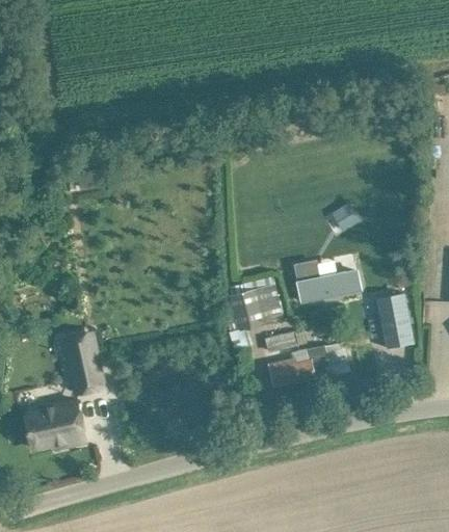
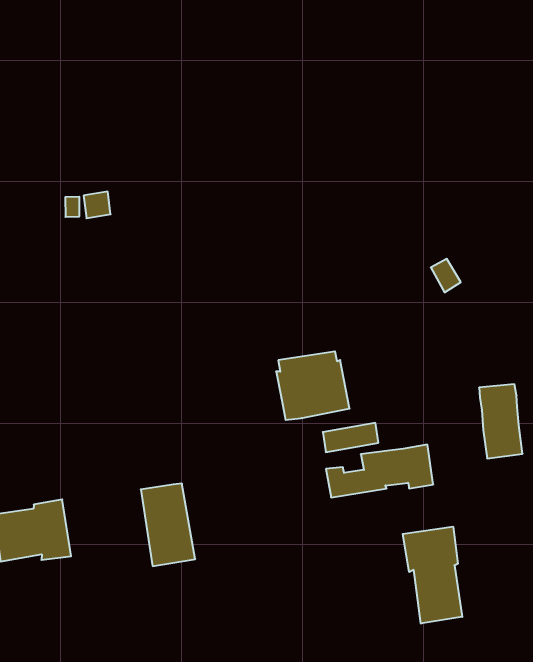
building: [298,268,364,309] -> none
building: [62,331,106,394] -> [141,484,195,566]
building: none -> [403,527,462,624]

